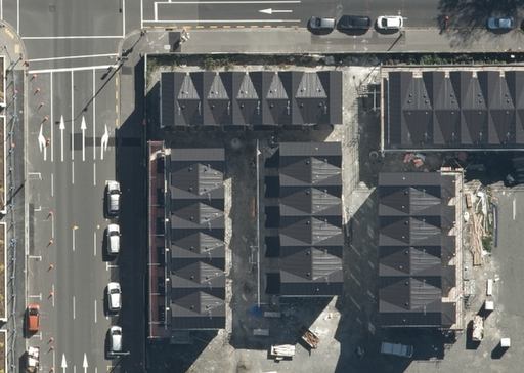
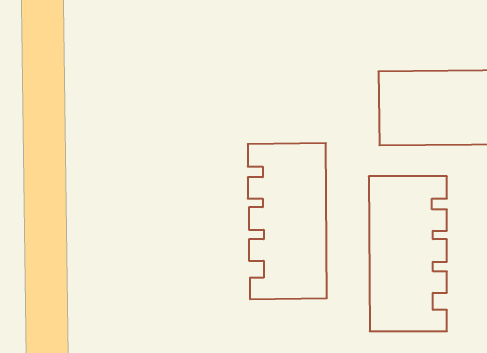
building: [160,75,337,127] -> none
building: [170,151,222,330] -> none

